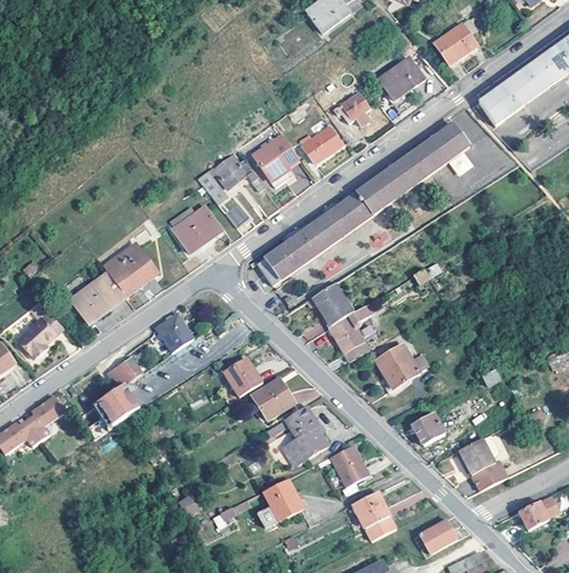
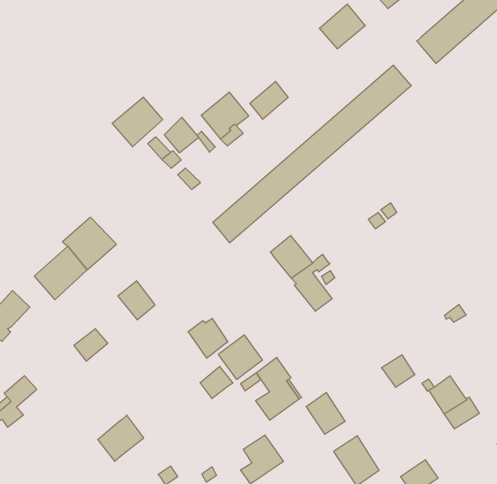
building: [340,92,373,126] -> none
building: [173,206,224,254] -> [112,97,163,147]
building: [375,343,419,388] -> none
building: [91,384,137,429] -> [98,415,144,461]
building: none -> [200,366,233,399]

